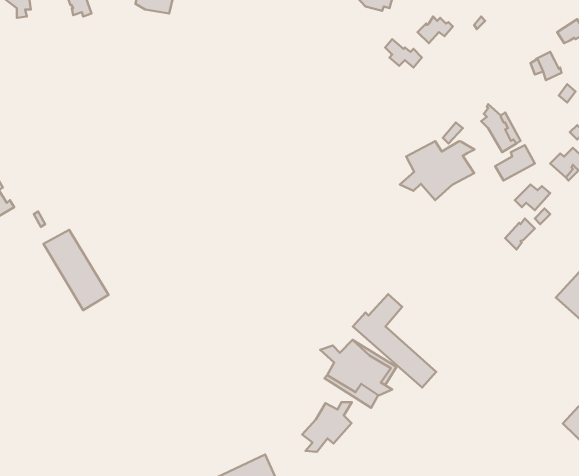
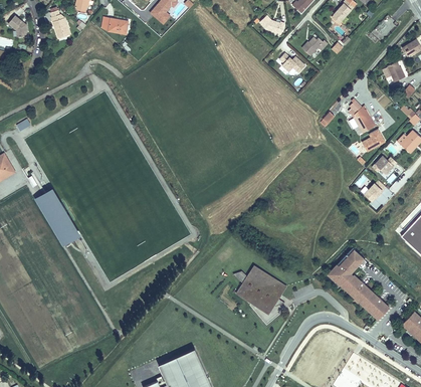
building: [400,141,475,200] -> none
building: [353,294,436,387] -> [330,252,389,319]
building: [302,402,352,452] -> none

